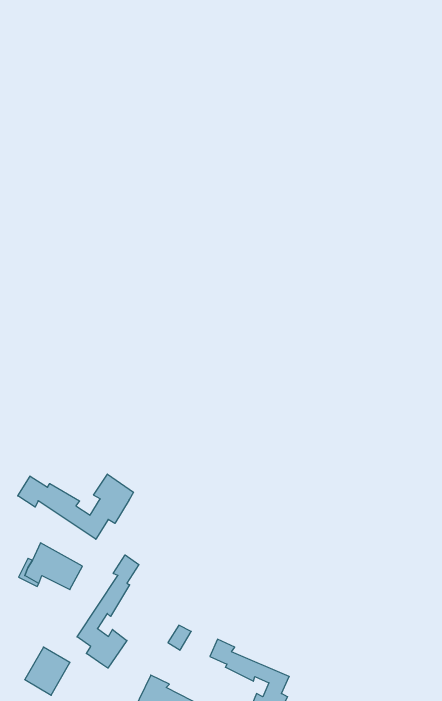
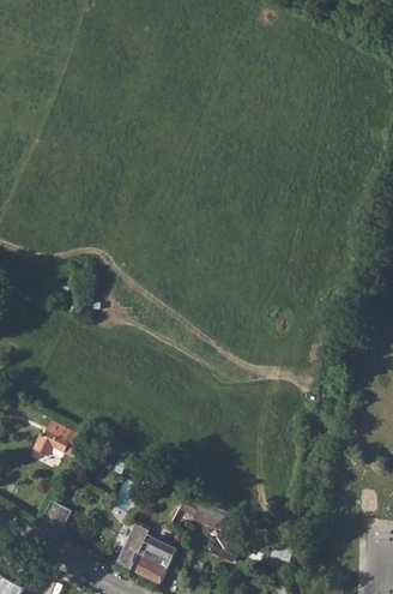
building: [18,474,133,539] -> none
building: [77,555,139,668] -> none

